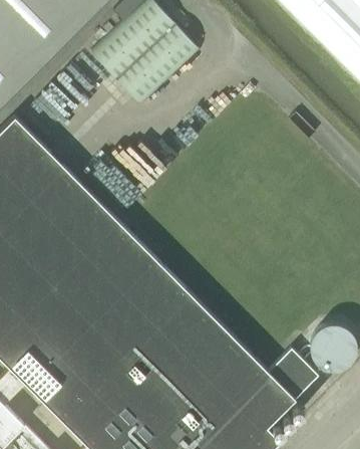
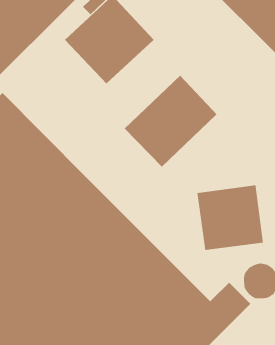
building: none -> [124,75,218,168]
building: none -> [197,185,263,251]

